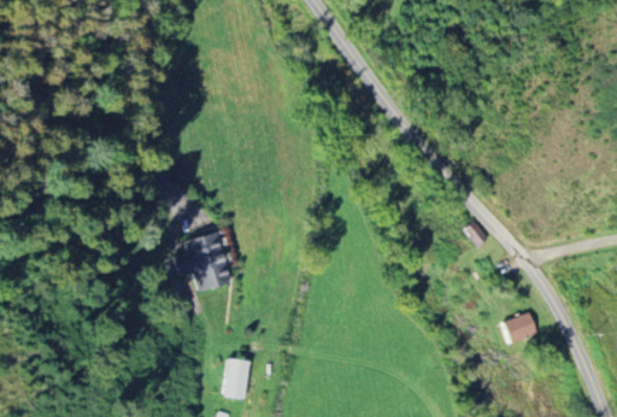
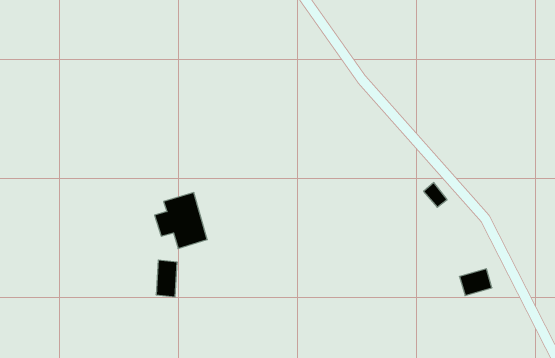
building: [225,358,248,398] -> [156,260,177,297]

